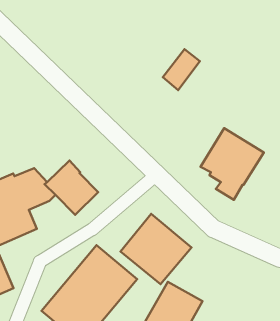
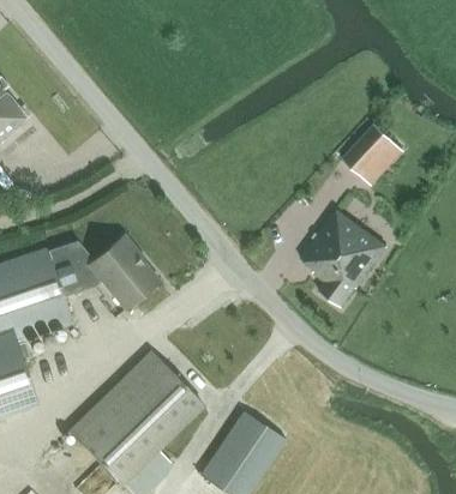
building: [163,49,200,90] -> [342,125,394,179]
building: [121,214,191,284] -> none

